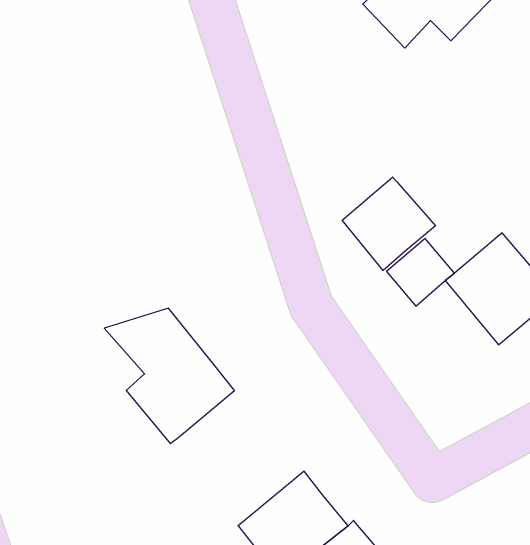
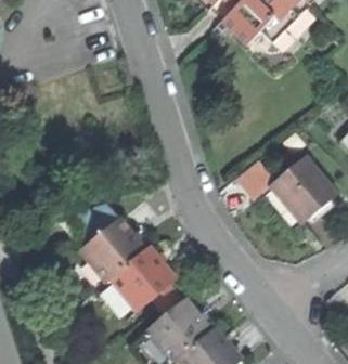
building: [342,177,435,270] -> none
building: none -> [112,246,176,308]

